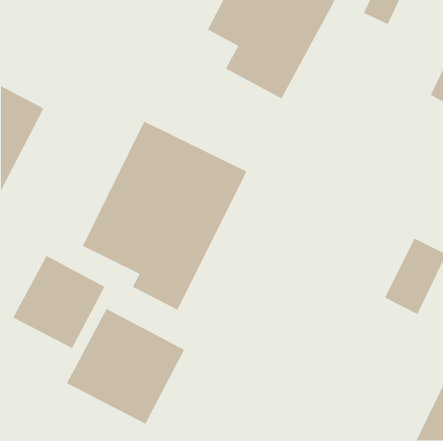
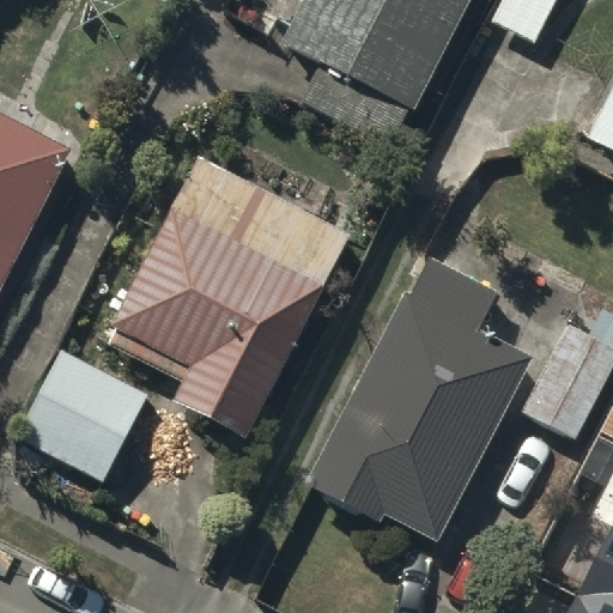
building: none -> [317,266,522,528]
building: [66,308,185,425] -> none

